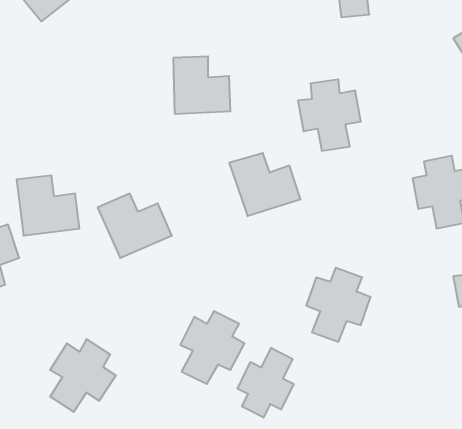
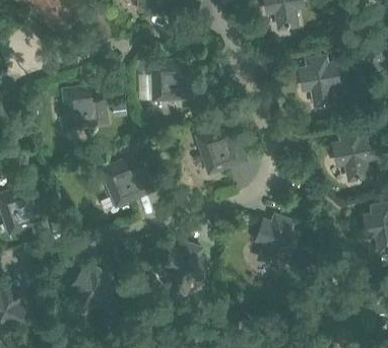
building: [298,79,361,151] -> [294,56,339,108]
building: [16,175,79,236] -> [64,87,110,131]
building: [237,348,294,418] -> none

